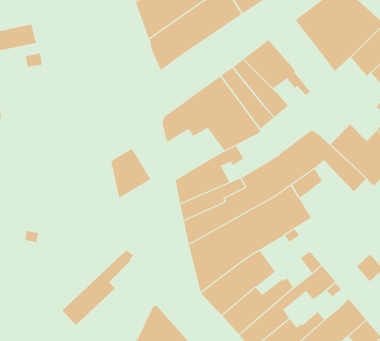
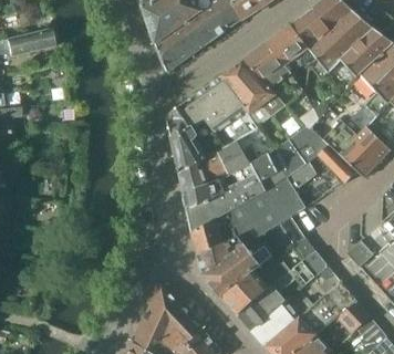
building: none -> [266,25,317,72]
building: [110,148,151,199] -> [172,126,209,173]
building: [62,250,134,326] -> none

